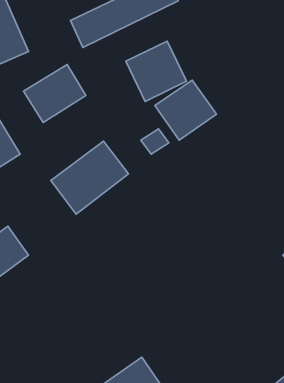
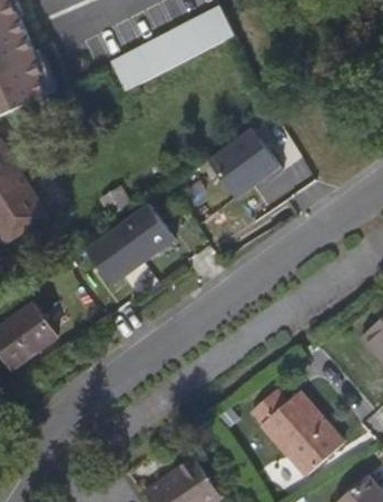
building: [126,41,186,101] -> none
building: [23,65,86,122] -> none
building: none -> [249,392,342,474]

